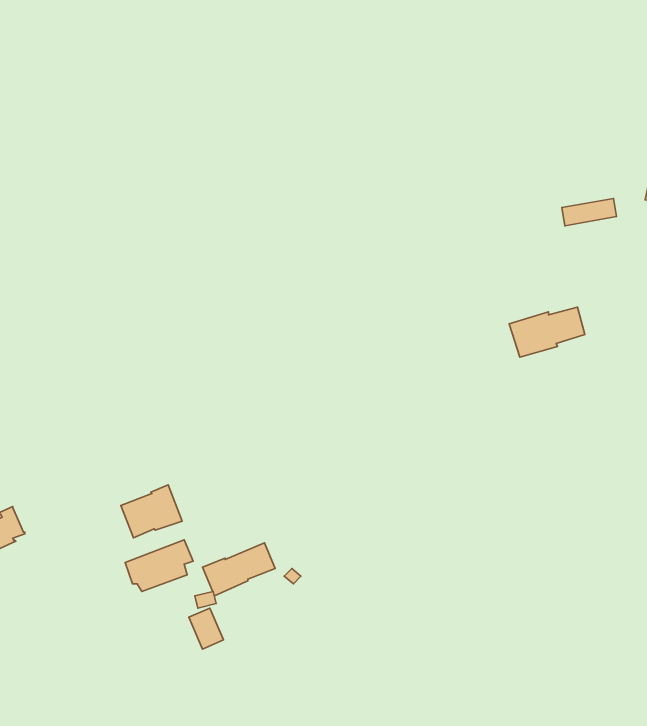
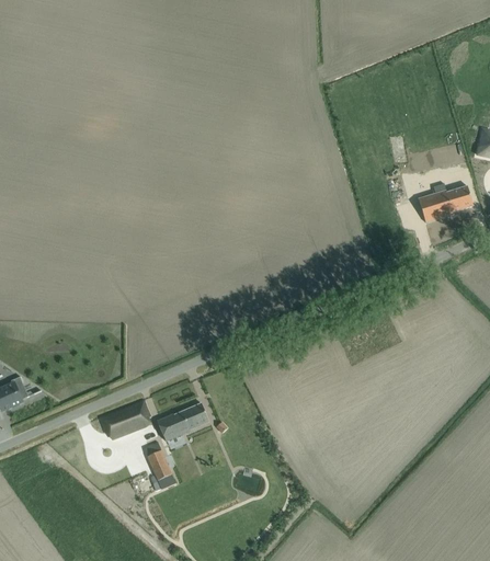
building: [509,307,585,357] -> [418,185,472,221]
building: [121,485,182,538] -> none

